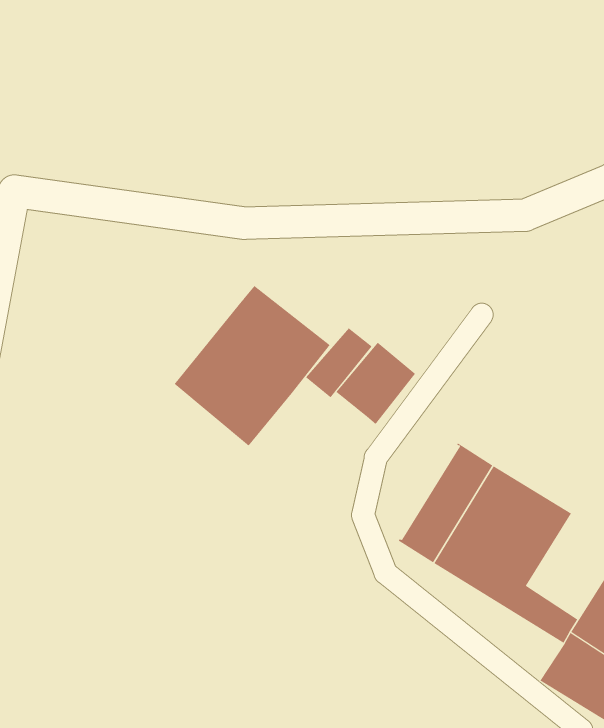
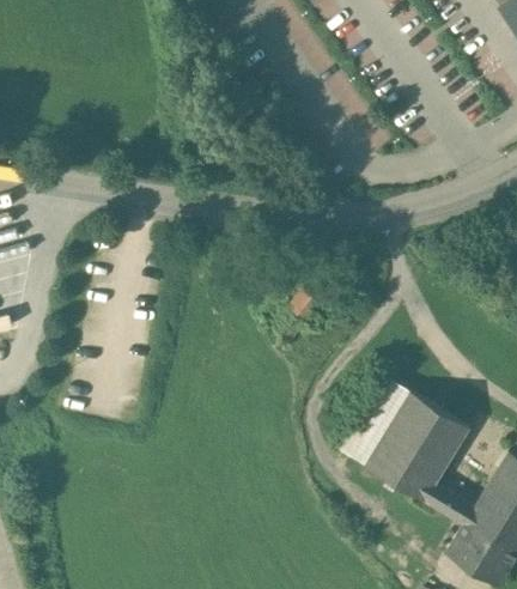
building: [174,285,331,446] -> none
building: [335,342,416,425] -> none

